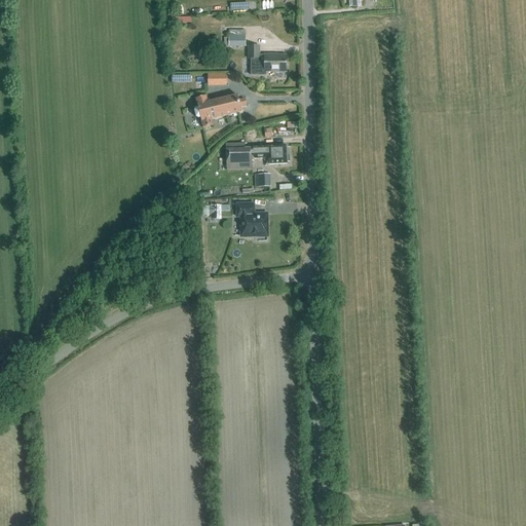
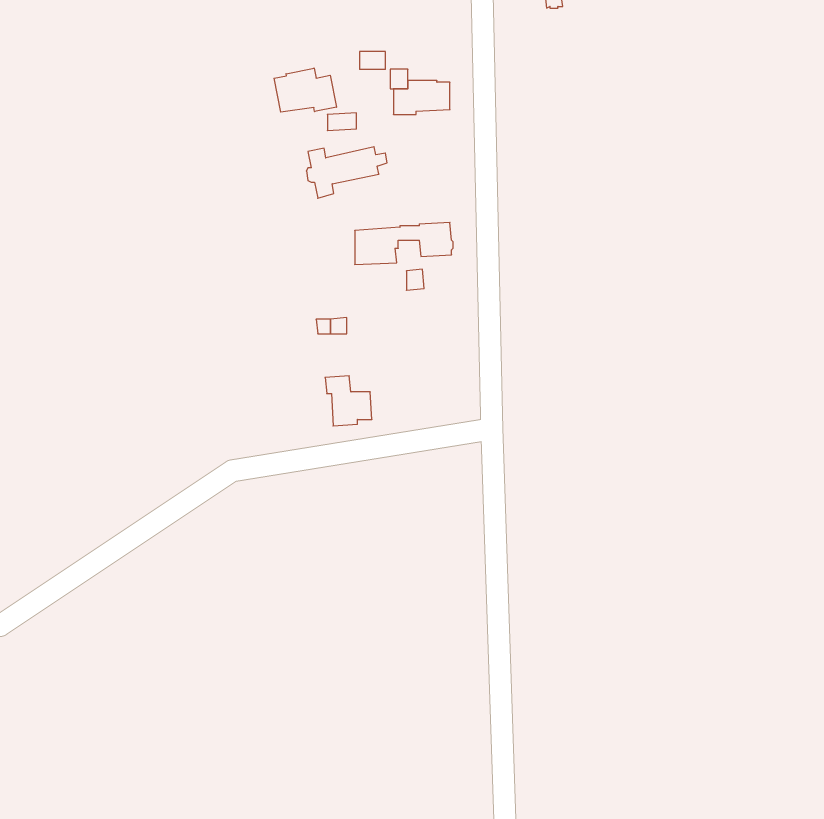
building: none -> [274,68,336,112]
building: [235,202,265,234] -> [325,376,372,426]

